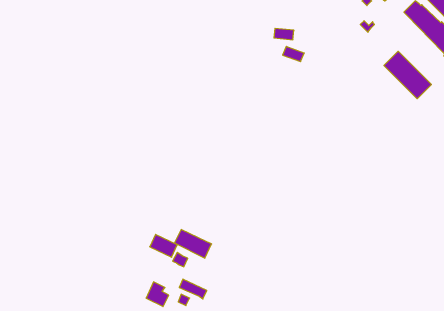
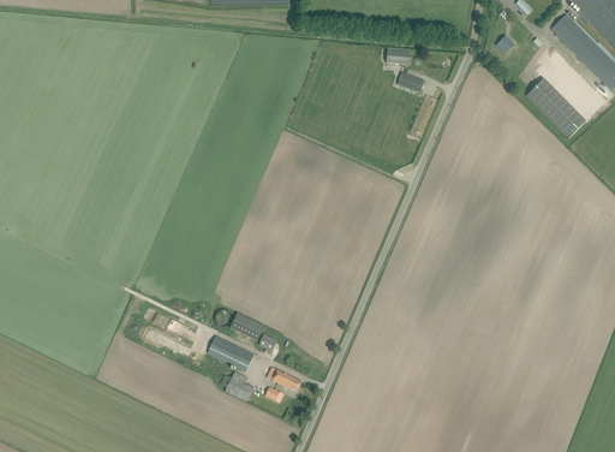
building: [175,230,212,258] -> [208,334,255,370]

